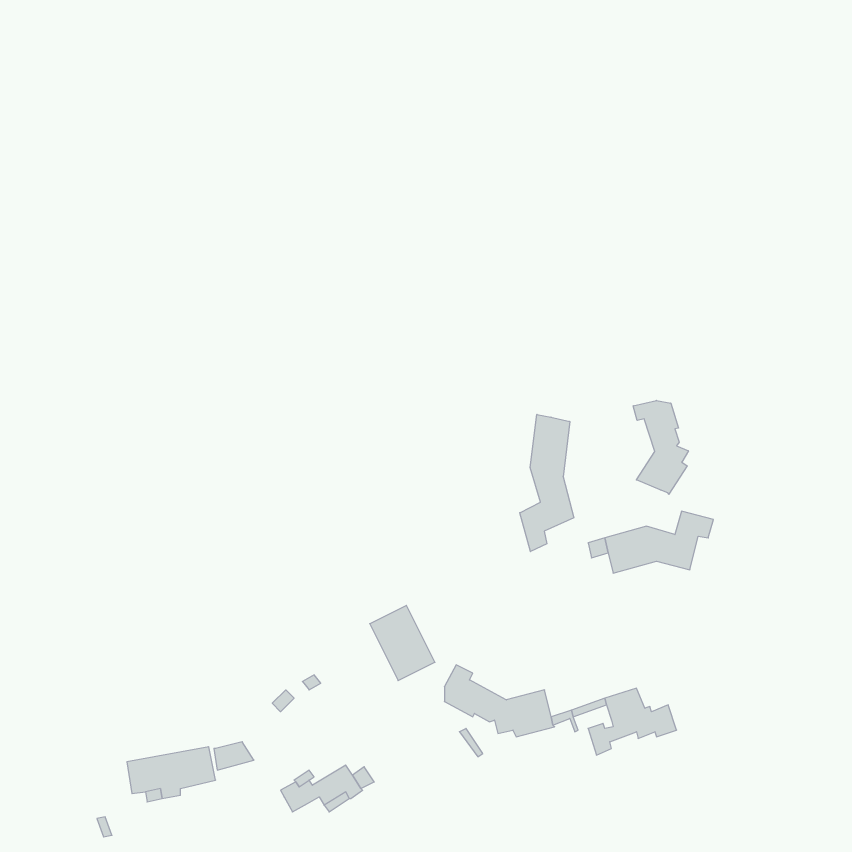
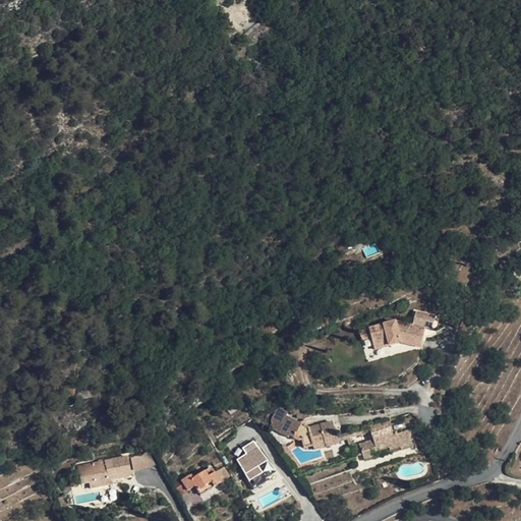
building: [633,400,688,494] -> none
building: [520,414,574,552] -> none
building: [370,605,435,681] -> [233,439,273,484]

